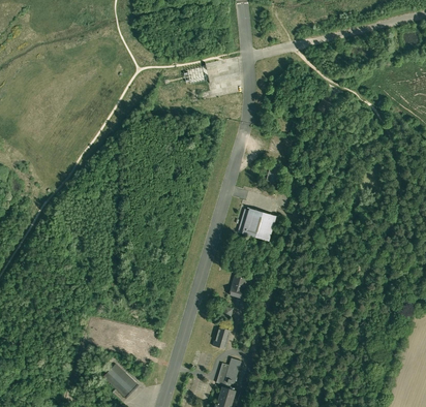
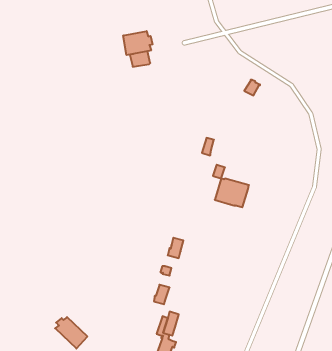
building: none -> [123,31,153,55]
building: [238,209,276,241] -> [215,179,249,207]

